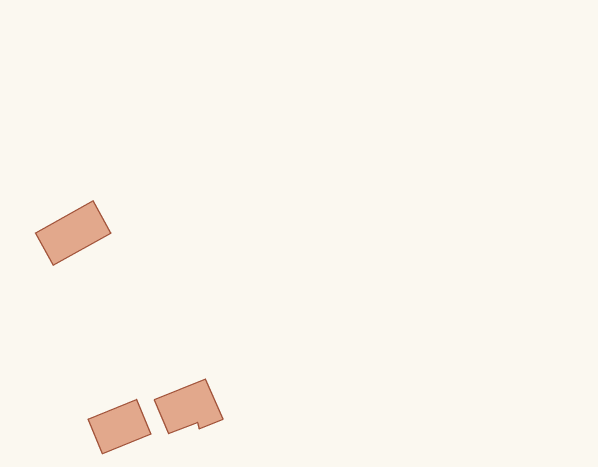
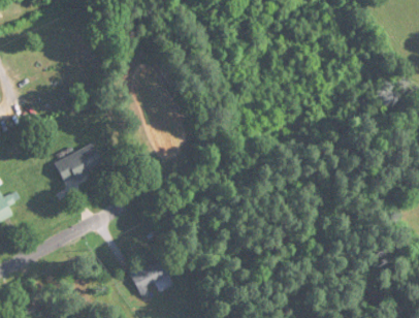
building: [88,399,151,454] -> none

